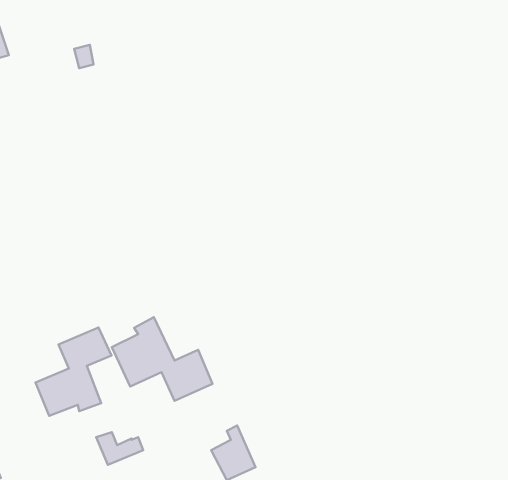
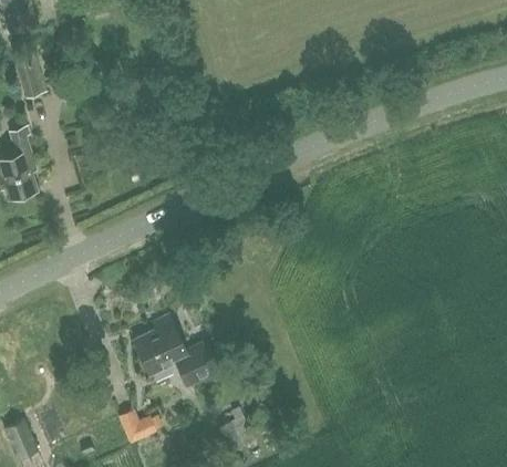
building: [36,328,111,416] -> none

